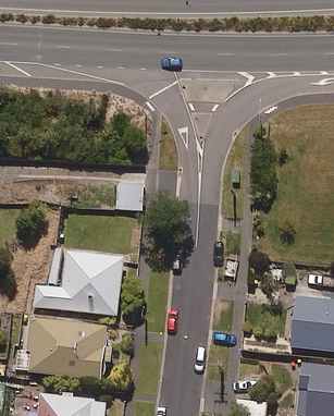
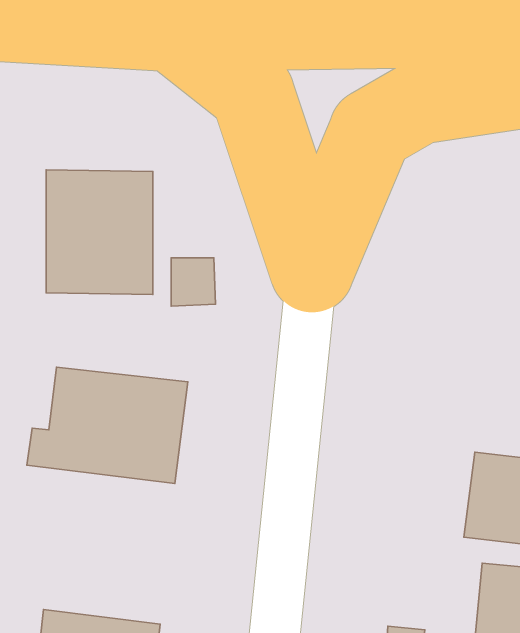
building: none -> [46,170,153,295]
building: [27,316,111,380] -> none

